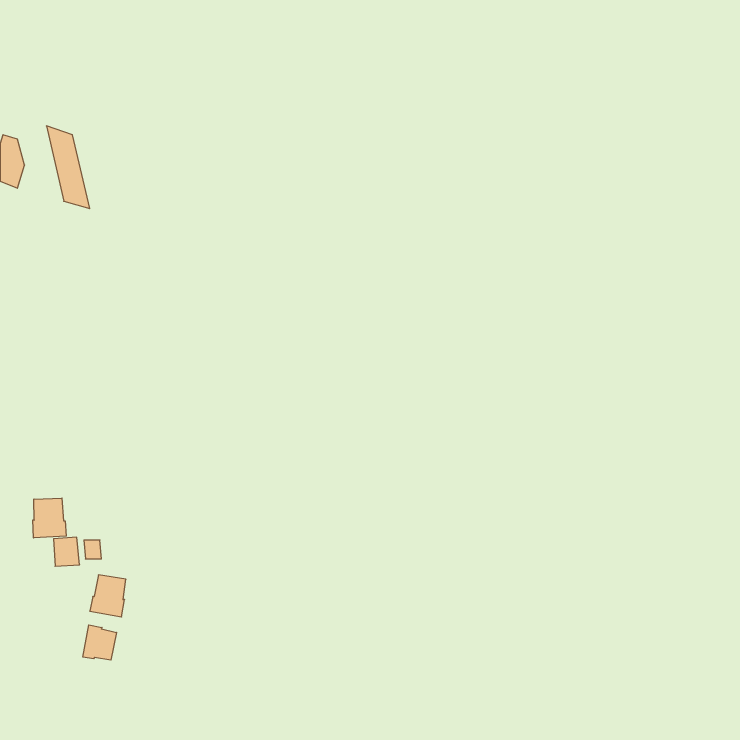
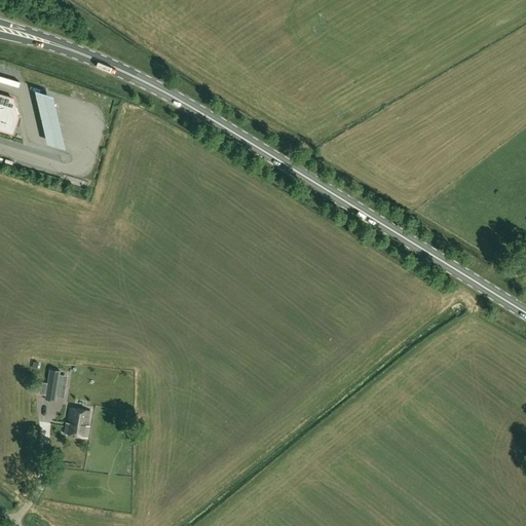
building: [33,498,66,538] -> none
building: [83,625,117,660] -> none

